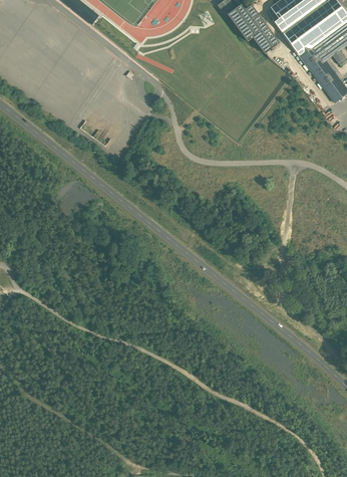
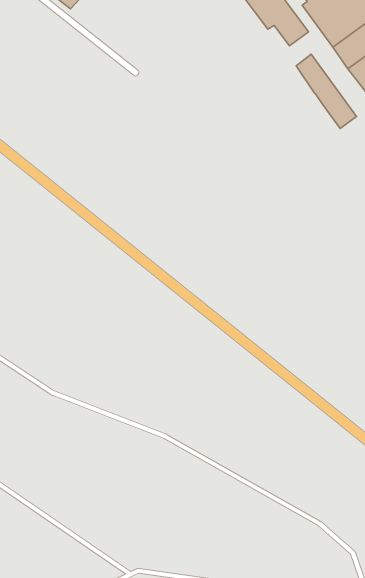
building: none -> [296,54,356,129]

